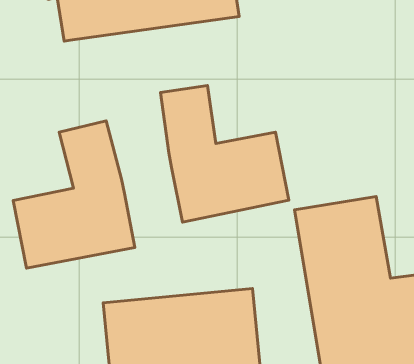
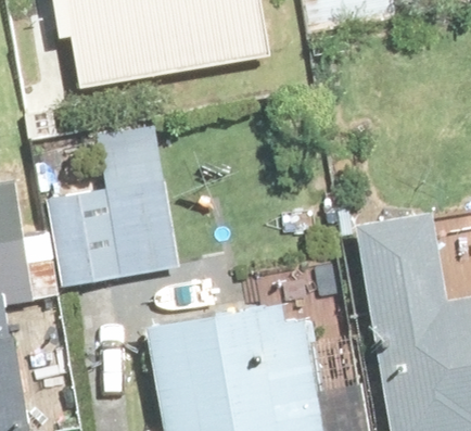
building: [161,85,289,222] -> none

